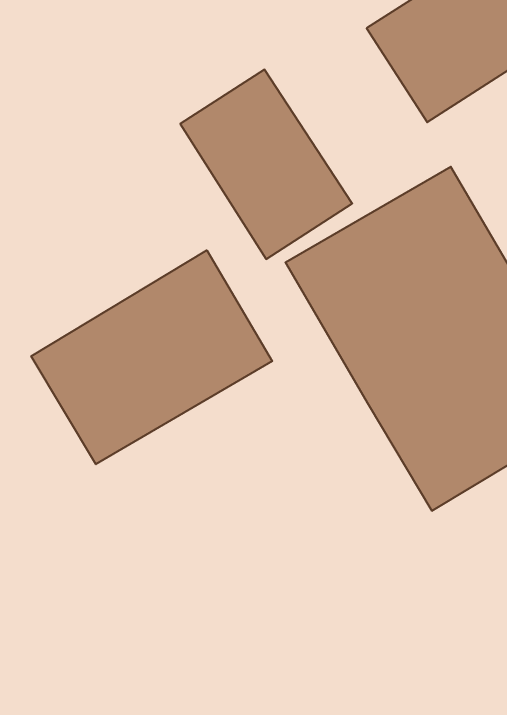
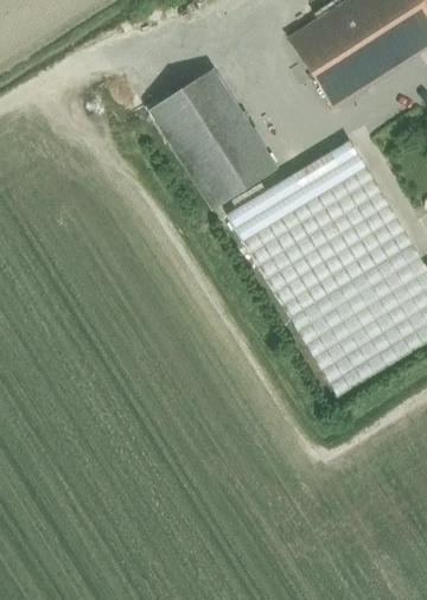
building: [31,250,272,464] -> none

